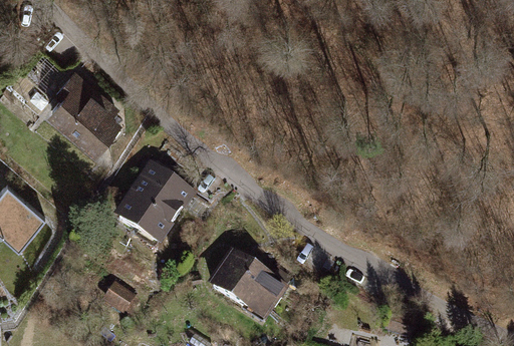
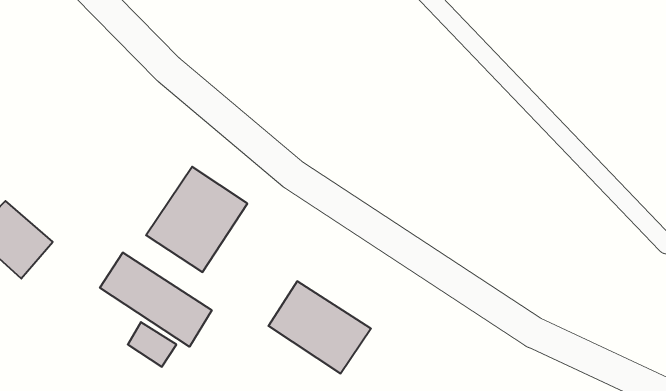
building: [51,70,120,148] -> none
building: none -> [100,252,212,347]

